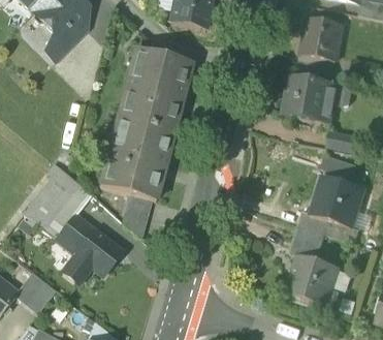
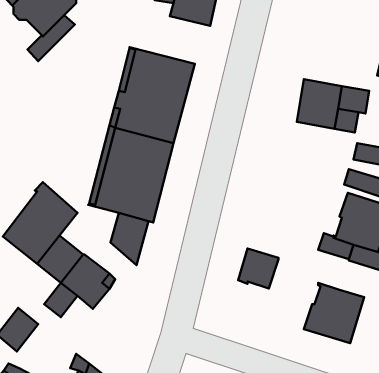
building: [302,17,344,61] -> none
building: [291,224,326,259] -> [238,248,278,289]

